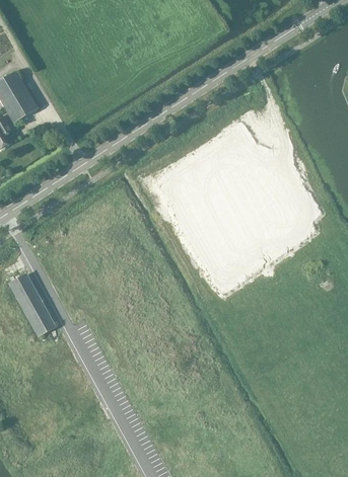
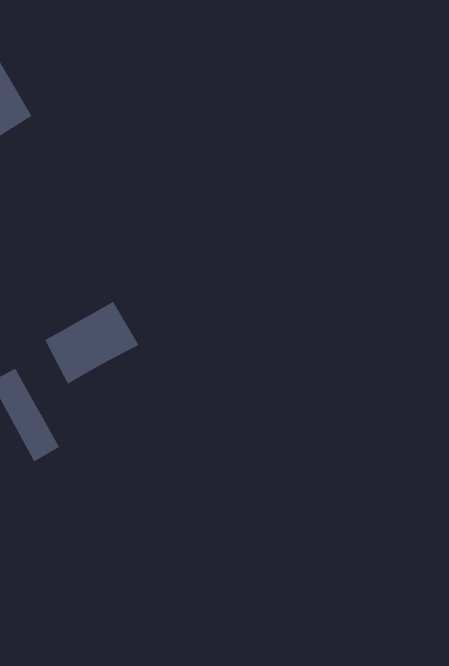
building: none -> [44,301,140,385]

